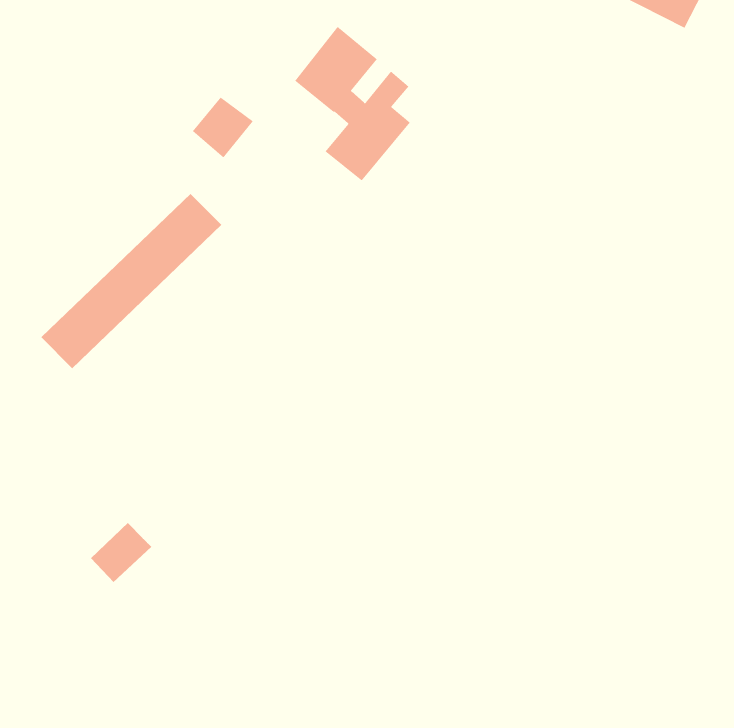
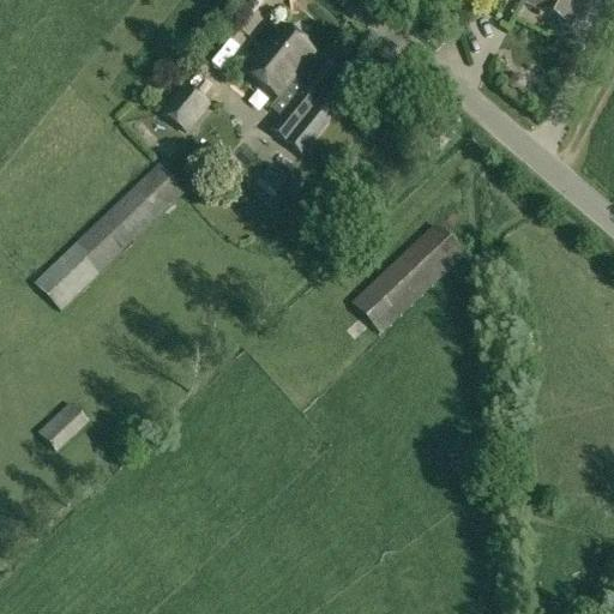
building: none -> [355,222,464,330]
building: [90,522,152,583] -> [41,399,92,450]

